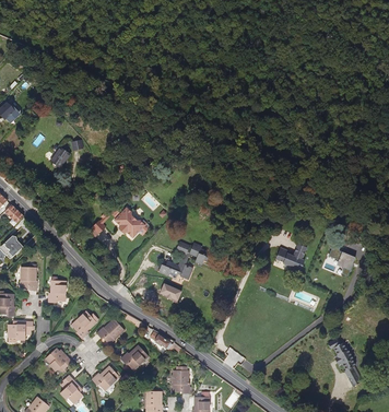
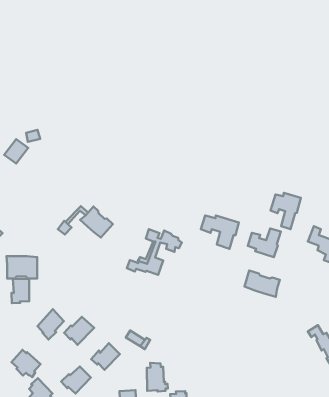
building: none -> [271,193,301,229]
building: none -> [201,216,239,249]
building: none -> [6,256,37,278]
building: none -> [244,271,280,297]

